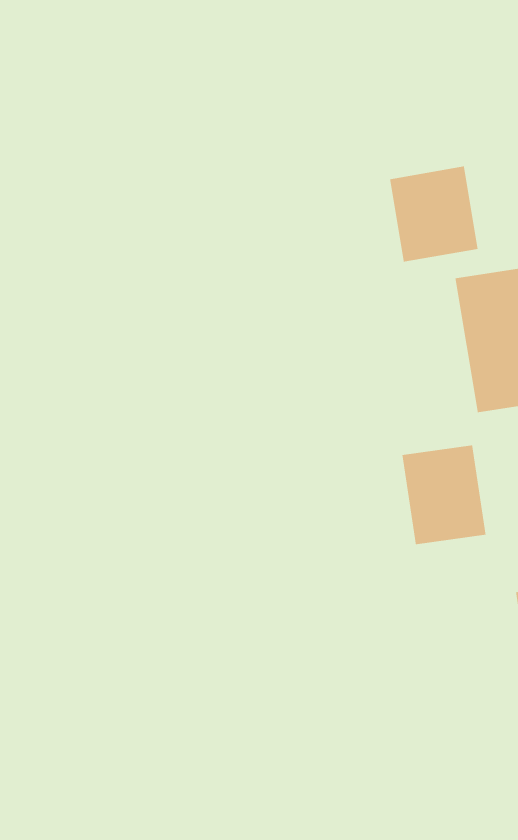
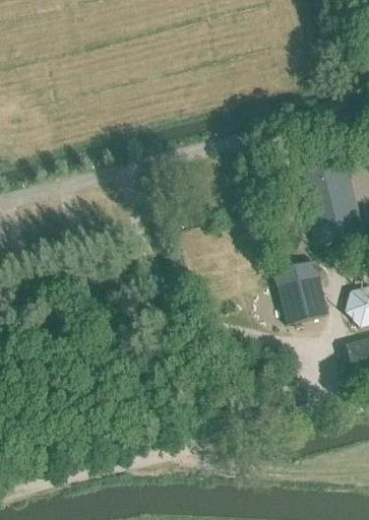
building: [389,166,478,263] -> none

